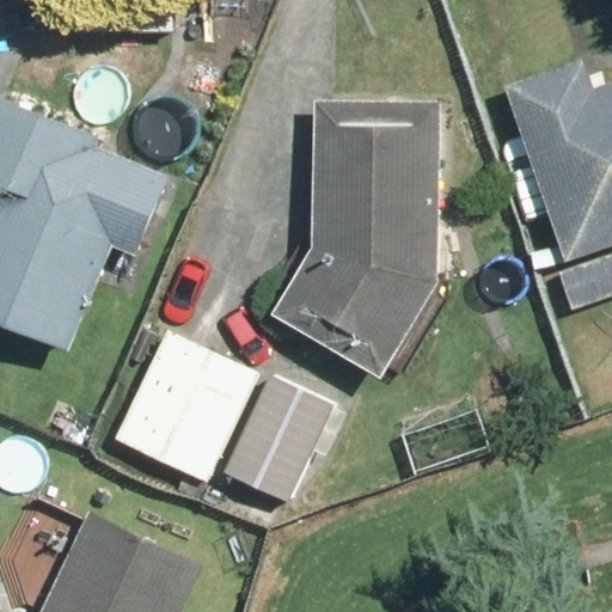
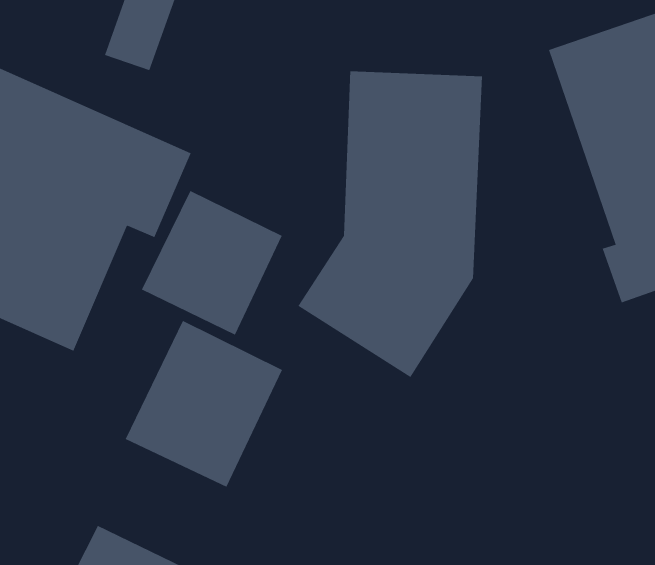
building: none -> [141,190,283,335]
building: [221,369,335,501] -> none

